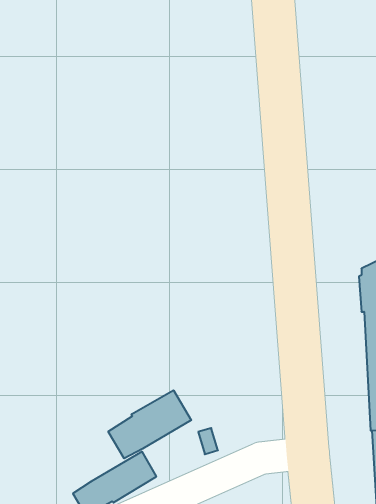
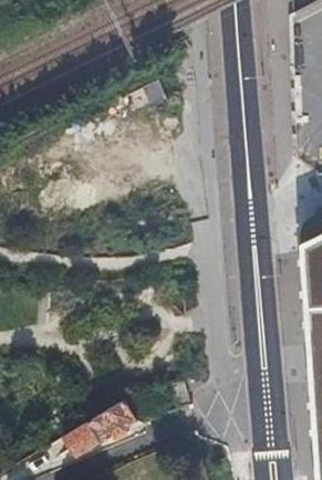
building: [108,390,191,458] -> none

